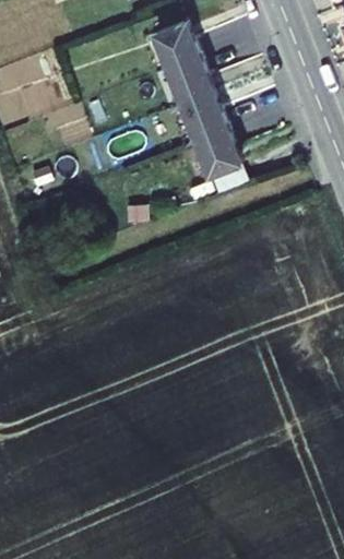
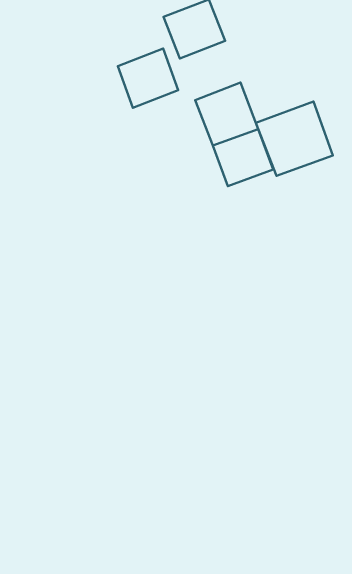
building: [164,55,216,106] -> [118,49,178,108]
building: none -> [256,102,333,176]

